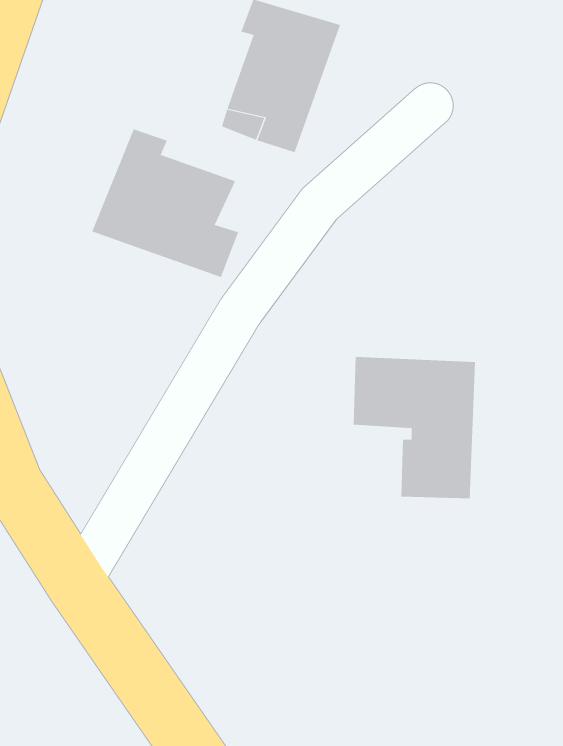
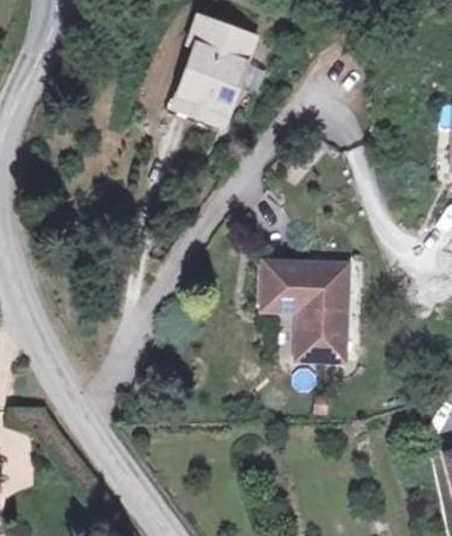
building: [92,129,239,278] -> none

